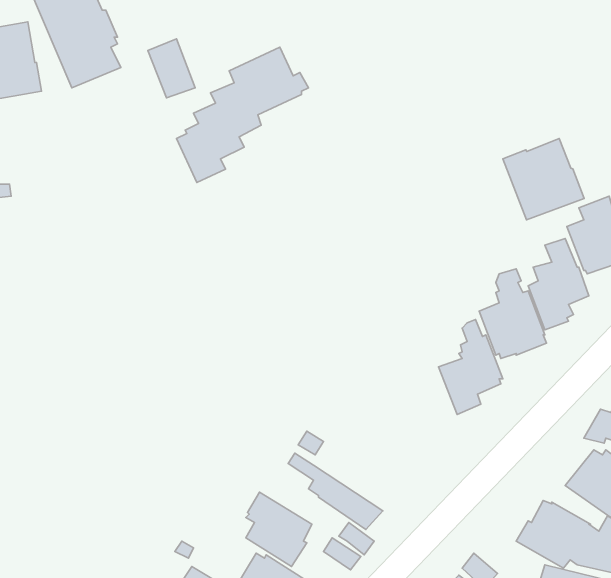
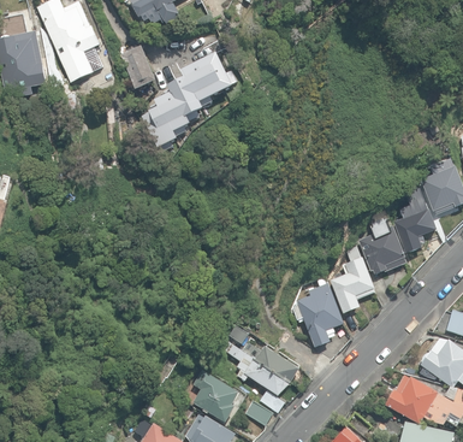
building: [503,138,584,220] -> none
building: none -> [293,282,344,347]
building: none -> [241,335,299,382]

